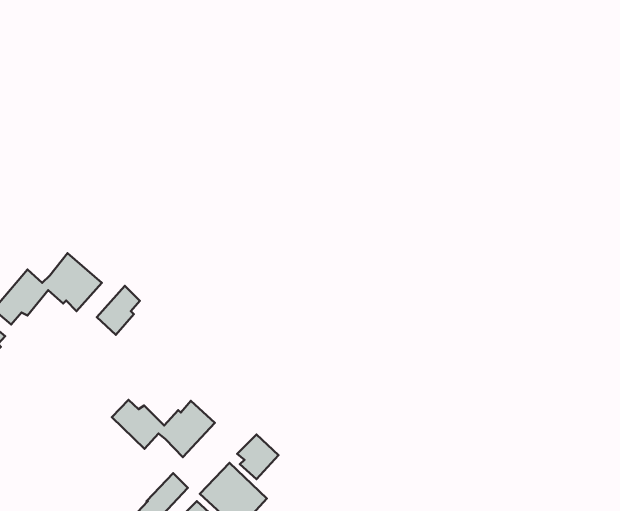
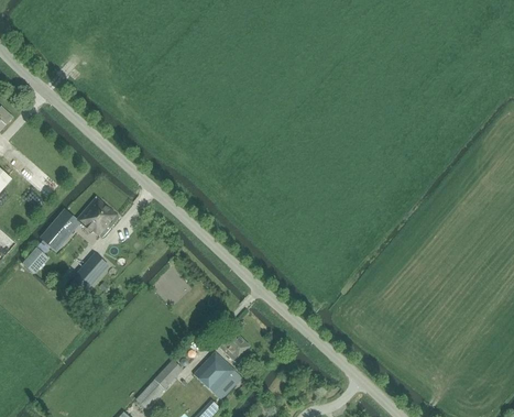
building: [97,286,140,335] -> [74,253,106,289]
building: [112,400,215,457] -> none

